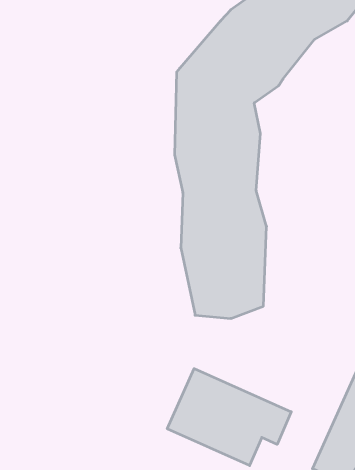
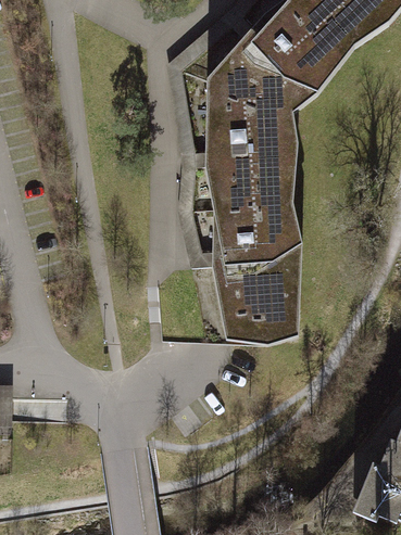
building: [167,369,291,466] -> none

